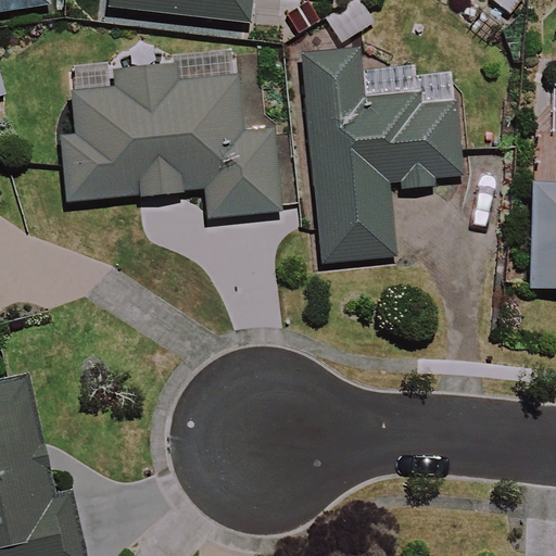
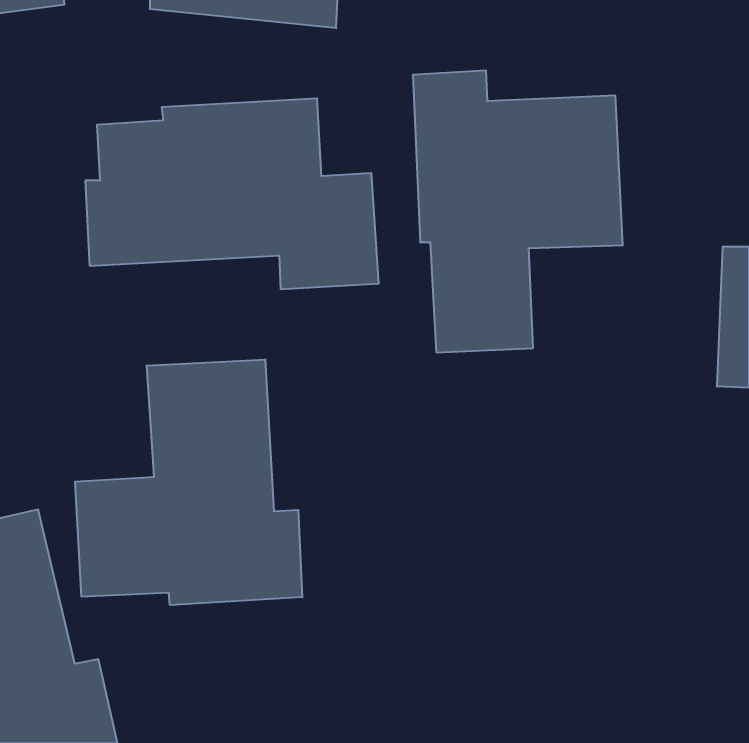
building: none -> [75,359,302,605]

